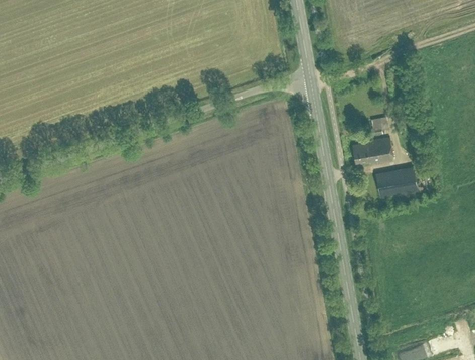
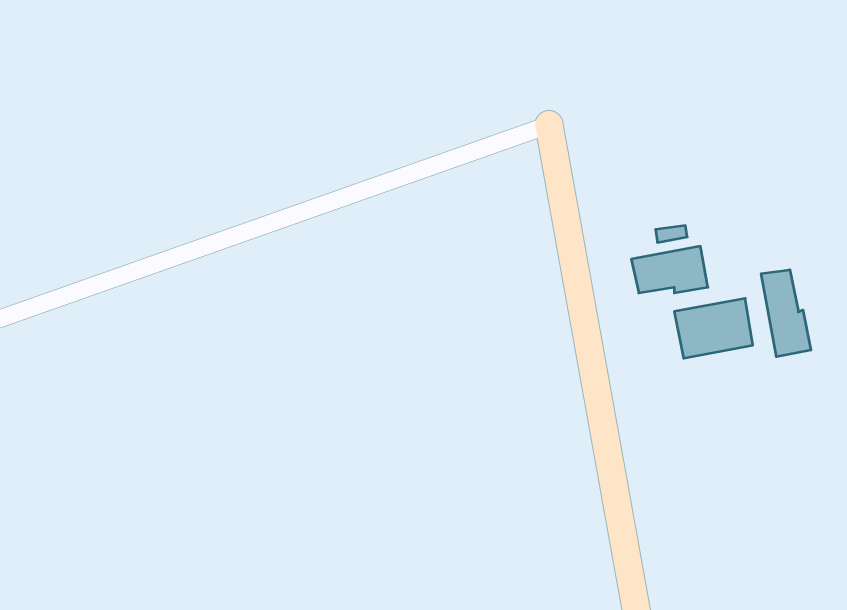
building: none -> [761,270,811,357]

